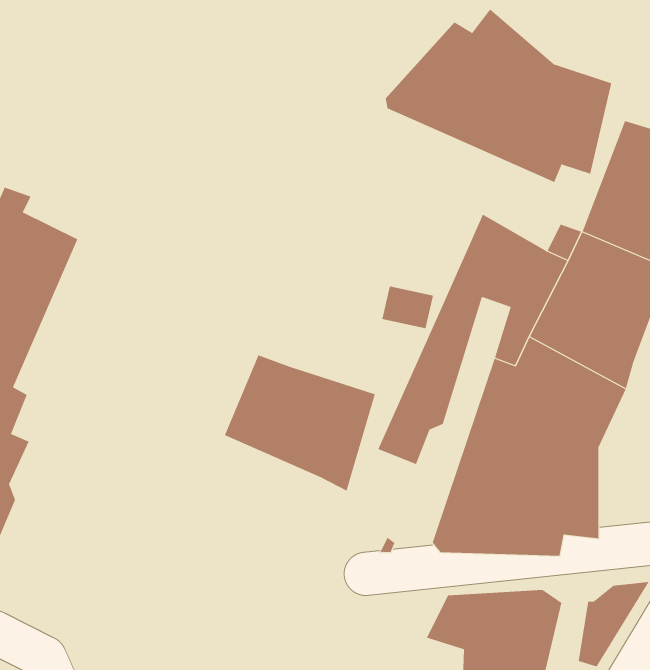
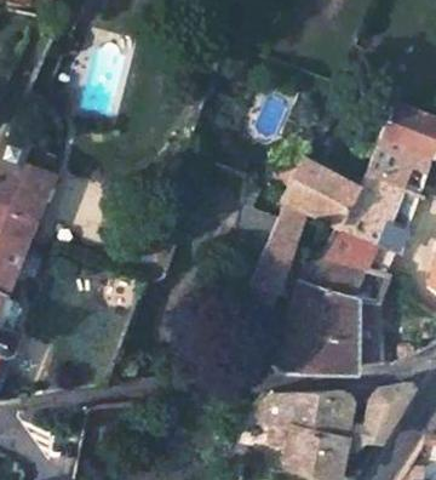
building: [385,8,612,183] -> none
building: [224,355,375,492] -> none

